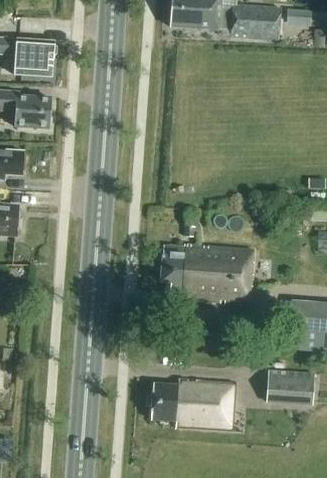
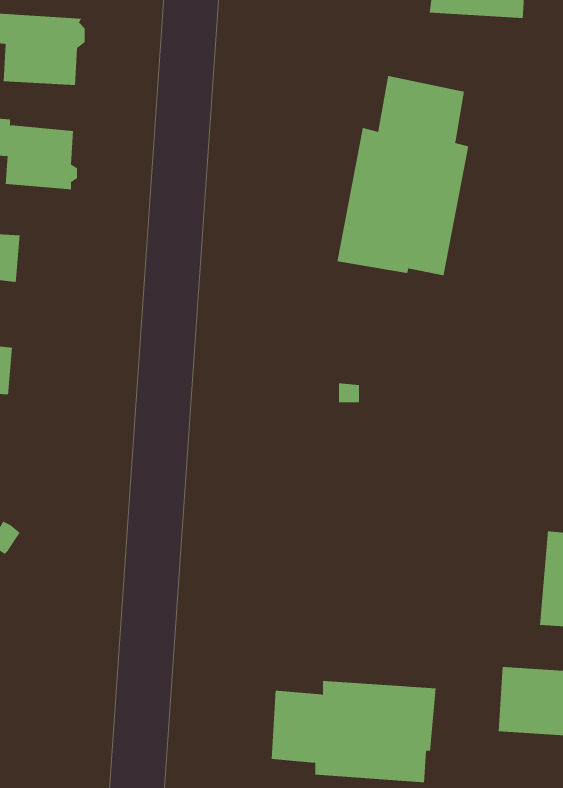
building: none -> [337,75,469,276]
building: [158,244,251,302] -> none

